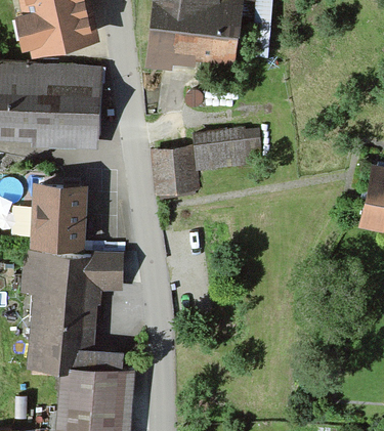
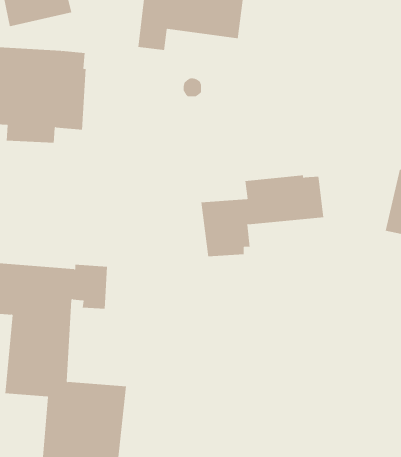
building: [155,127,261,198] -> [200,175,324,257]
building: [34,186,81,242] -> none

